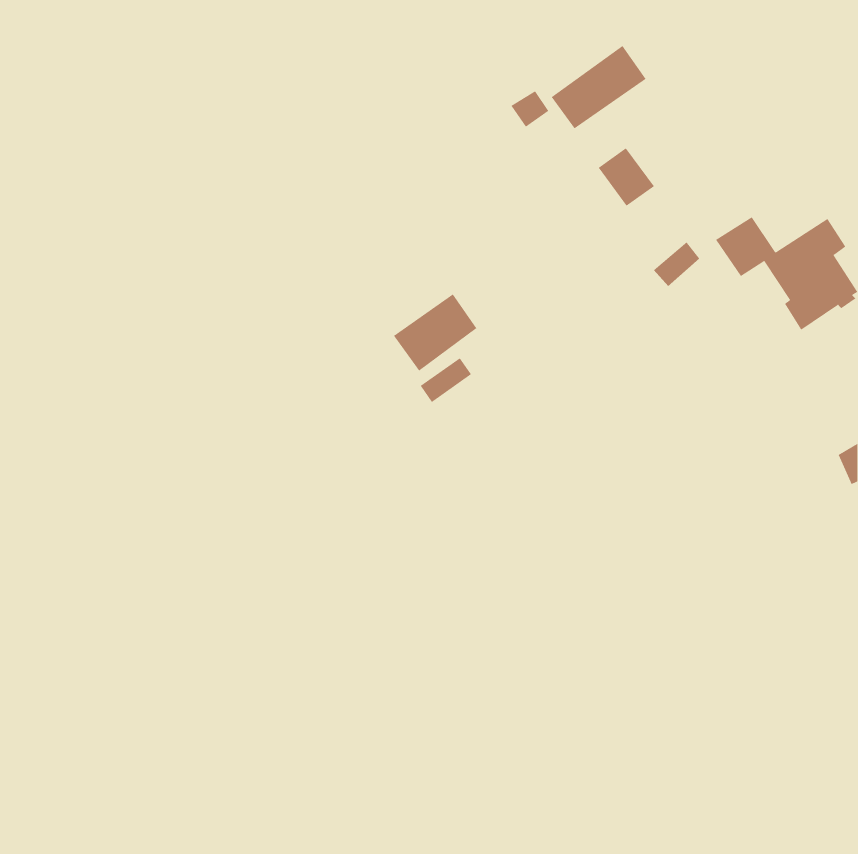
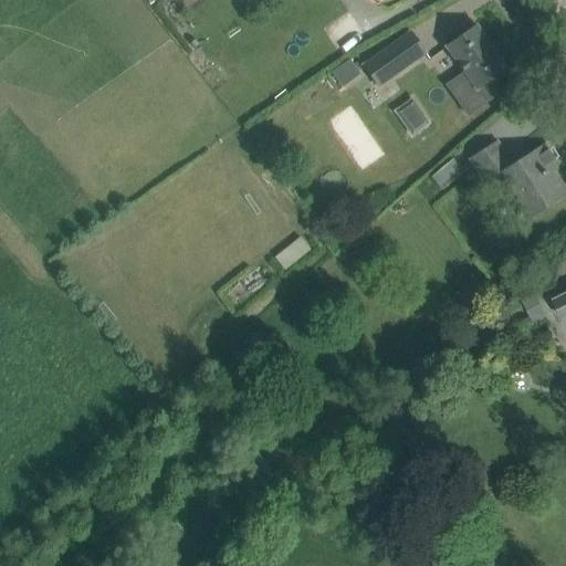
building: none -> [446,24,506,115]
building: [393,293,477,371] -> none

